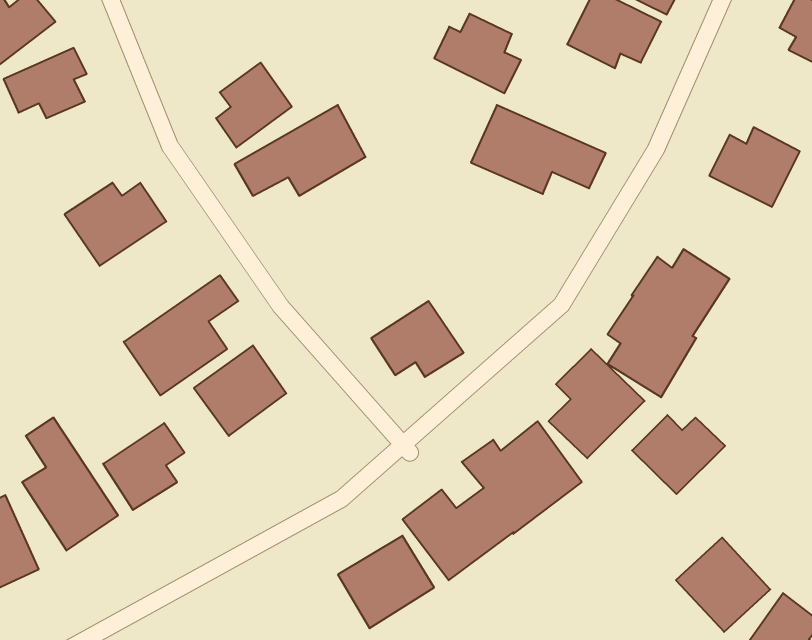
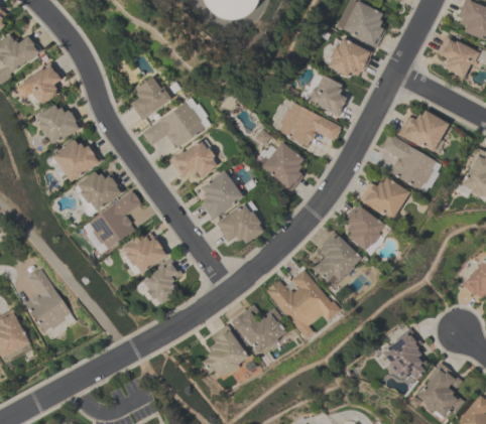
building: [434,14,521,93] -> [300,73,348,116]
building: none -> [33,103,83,145]
building: none -> [379,132,444,194]
building: none -> [169,138,220,177]
building: none -> [253,141,305,191]
building: none -> [199,168,246,221]
building: none -> [71,170,123,215]
building: [632,415,725,494] -> none
building: [103,423,184,510] -> [139,260,184,307]

